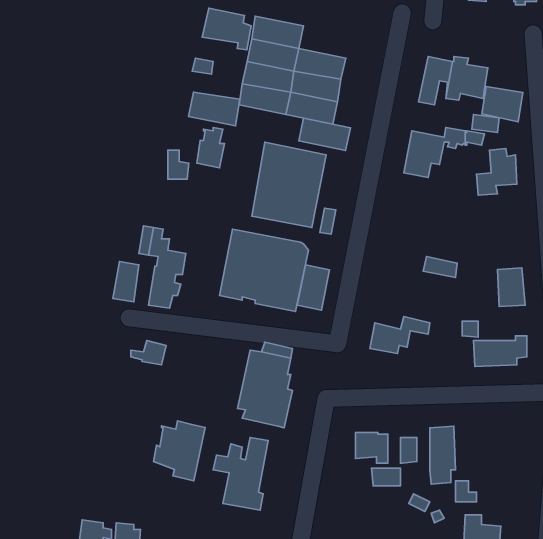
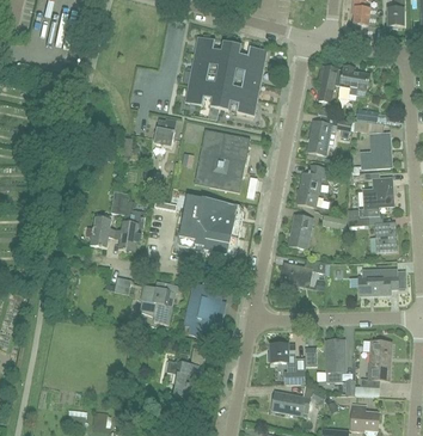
building: [202,8,251,50] -> none
building: [482,86,523,122] -> none
building: [188,92,240,126] -> none
building: [299,118,350,151] -> [228,43,266,67]
building: none -> [296,165,325,207]
building: none -> [357,178,392,216]
building: [297,265,330,310] -> [288,215,312,248]
building: [153,421,205,481] -> [137,281,176,325]
building: none -> [360,340,391,387]
building: none -> [270,392,309,416]

